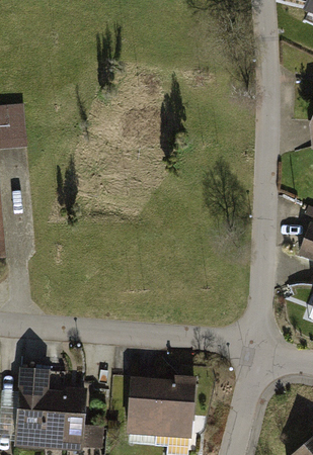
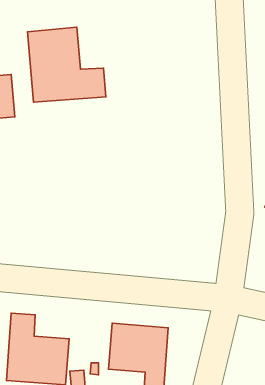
building: none -> [27,27,106,102]

